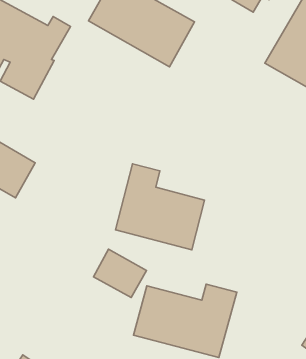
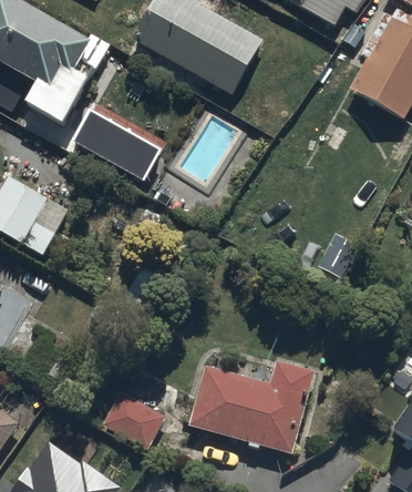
building: none -> [74,116,164,187]
building: [116,164,205,250] -> none
building: [93,249,146,298] -> [101,388,166,448]

